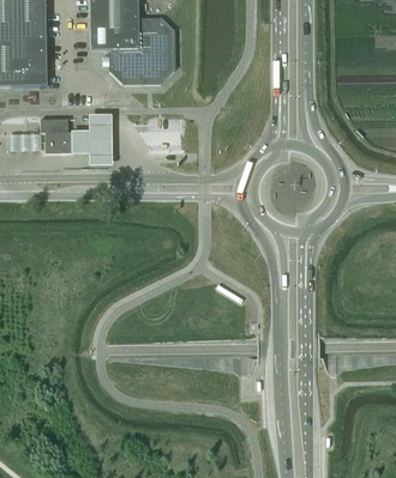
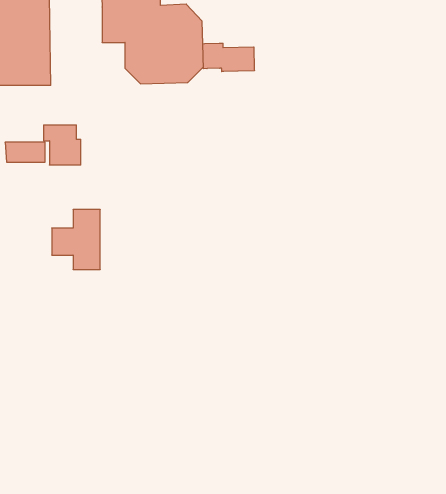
building: none -> [203,43,254,72]
building: [71,114,112,164] -> [52,210,100,269]

